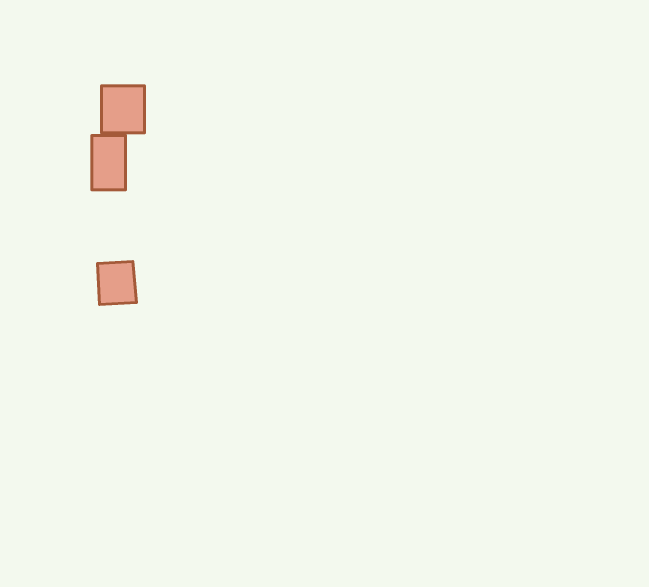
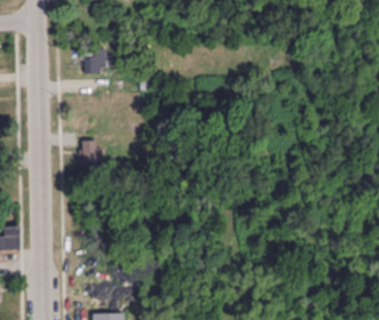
building: [92,136,125,190] -> none

